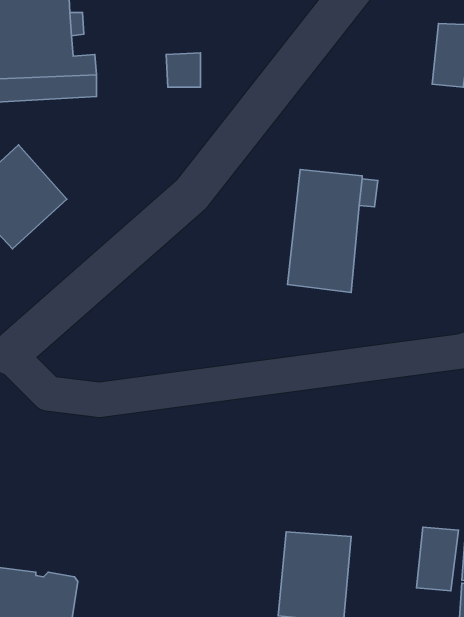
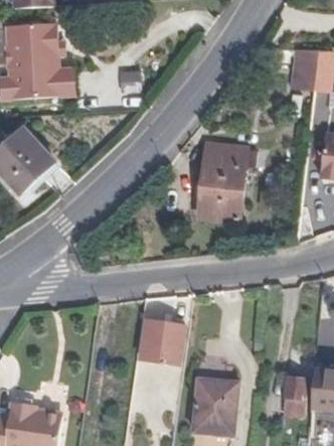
building: none -> [139,319,184,365]

